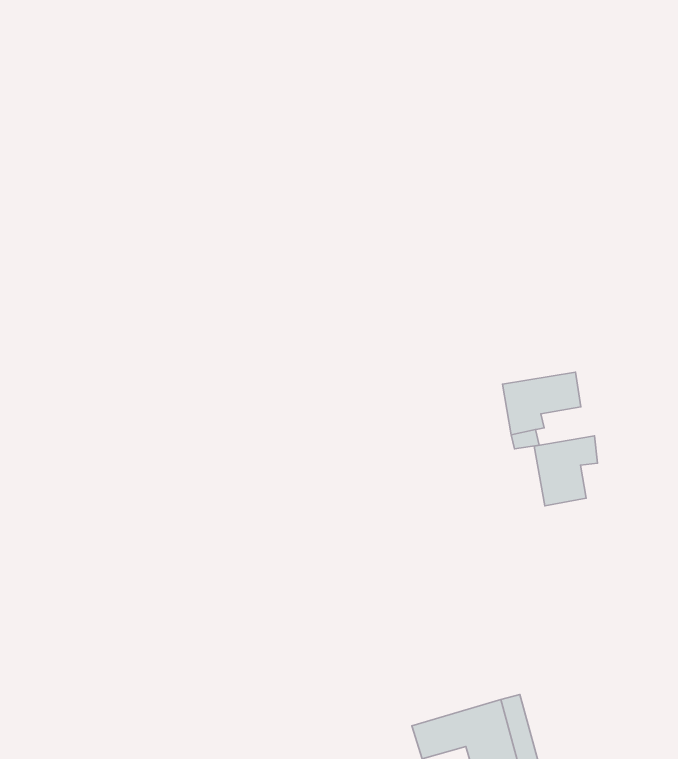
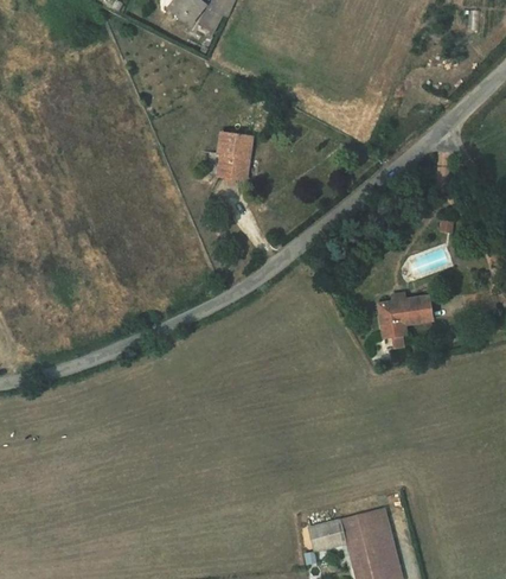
building: none -> [216,132,251,177]
building: [534,436,598,506] -> none

